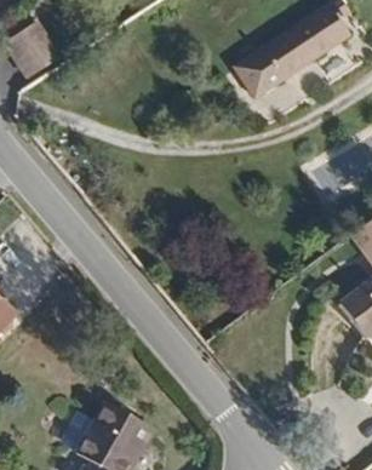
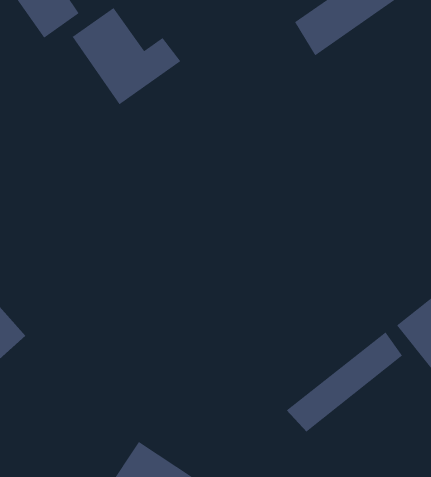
building: none -> [72,7,181,105]
building: none -> [286,331,403,432]

